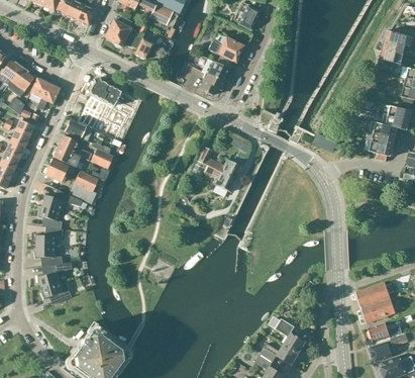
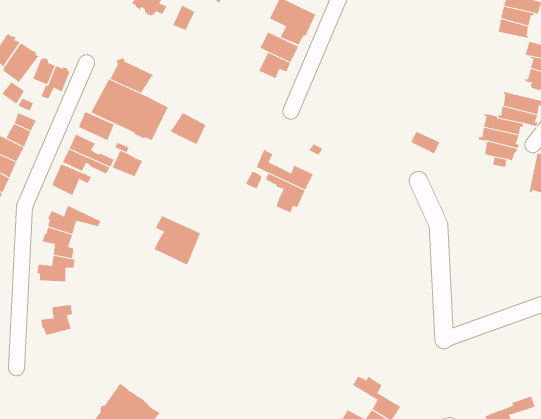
building: [112,91,139,115] -> [170,113,206,145]
building: [69,168,104,205] -> [154,216,201,265]
building: [33,246,62,266] -> none
building: [40,281,71,303] -> none
building: [356,282,396,322] -> none
building: [369,322,402,342] -> none

